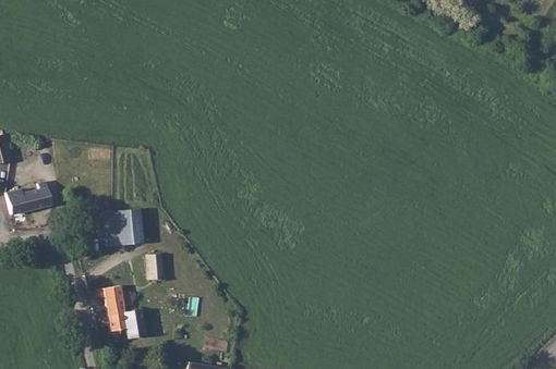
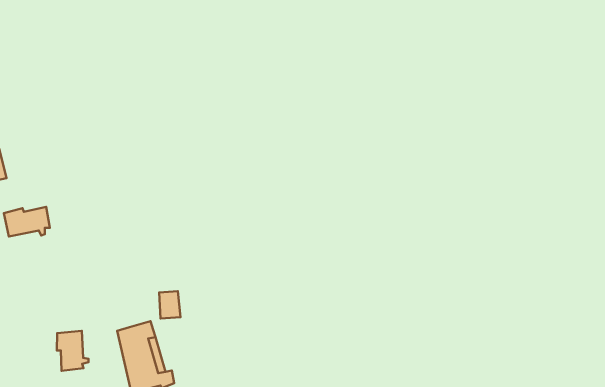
building: [99,212,140,247] -> none
building: none -> [57,331,89,371]

